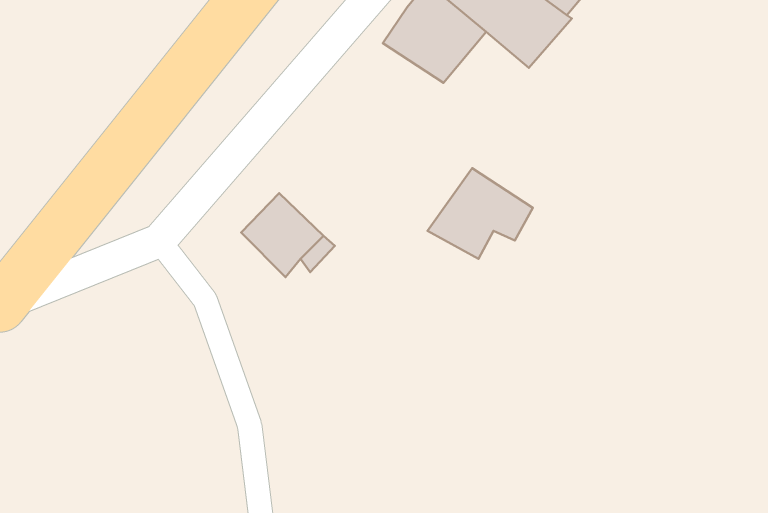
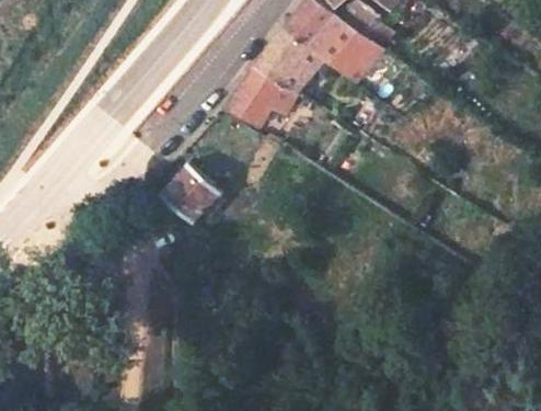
building: [428,168,533,259] -> [226,67,296,127]

